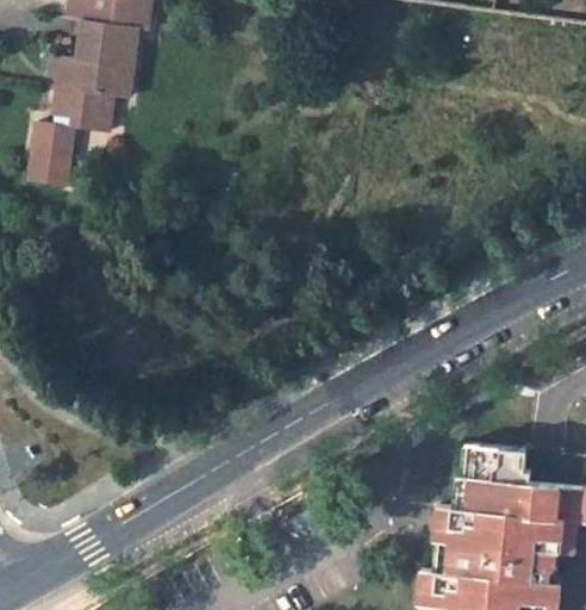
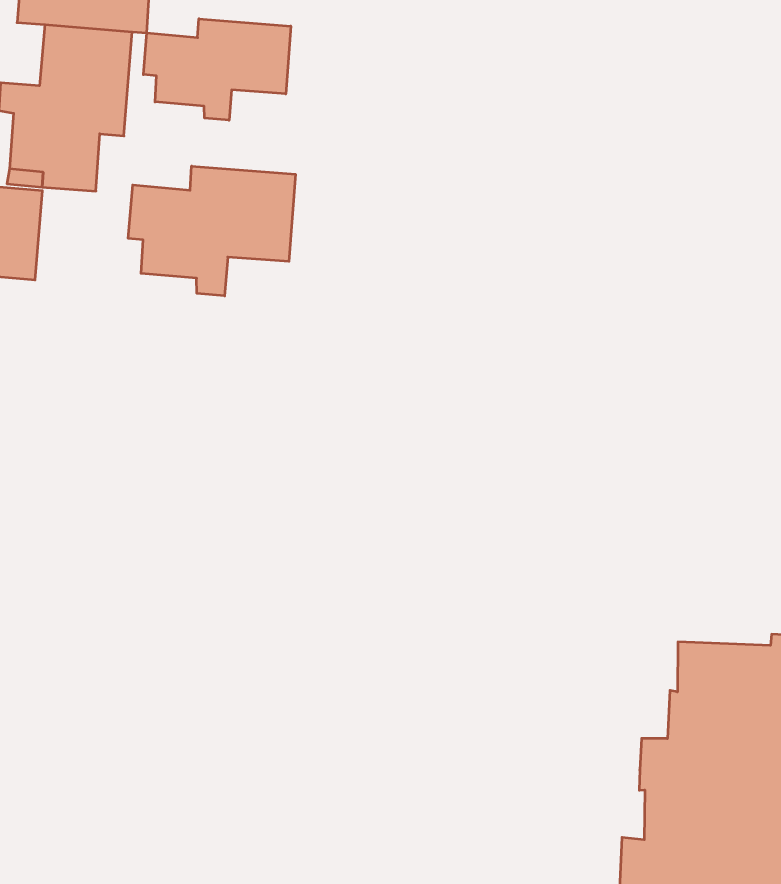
building: none -> [143,19,291,120]
building: none -> [128,166,295,296]

